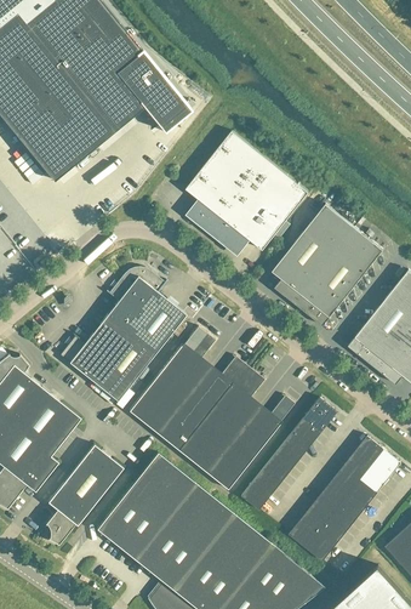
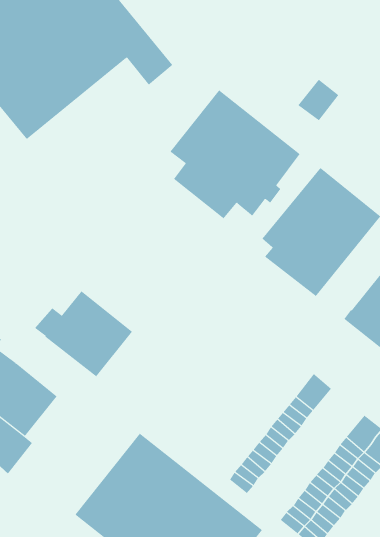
building: none -> [297,79,339,121]
building: [103,268,185,359] -> none
building: [129,328,295,490] -> none
building: [45,445,124,546] -> none

